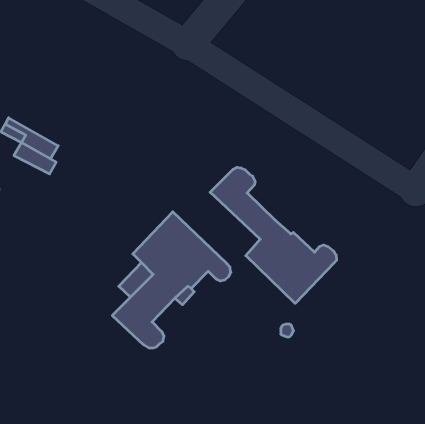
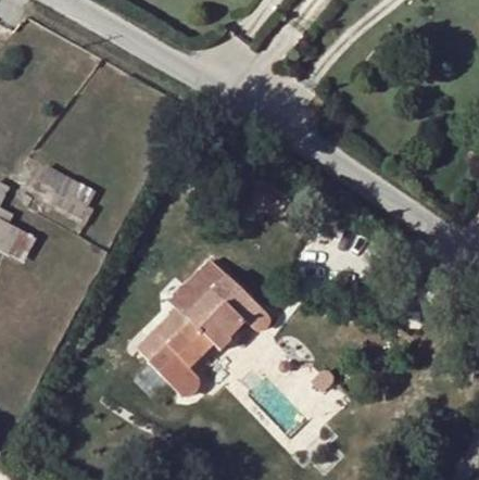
building: [210,167,337,303] -> none

